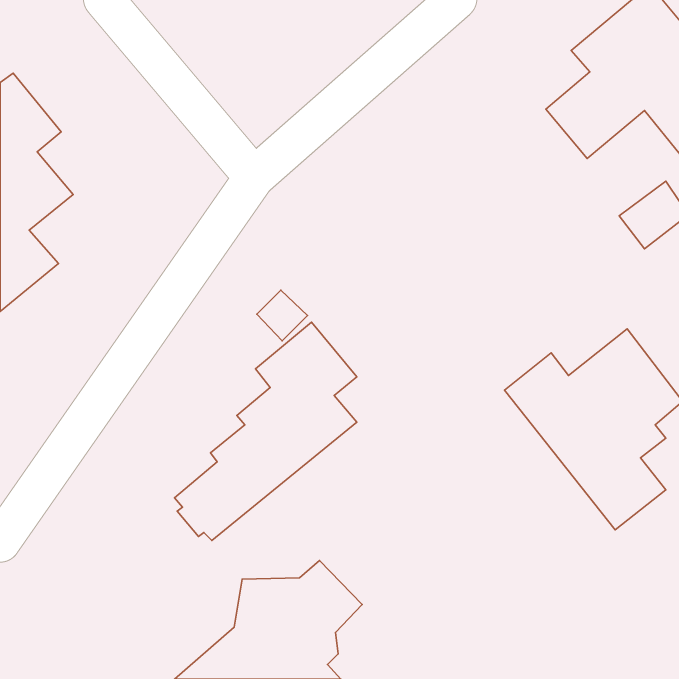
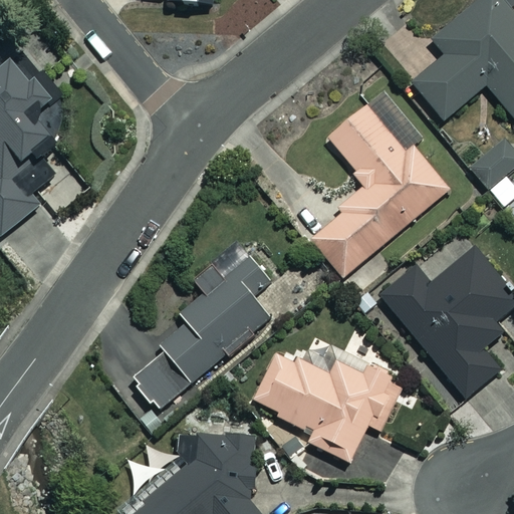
building: none -> [311,104,449,276]
building: none -> [253,354,402,461]

